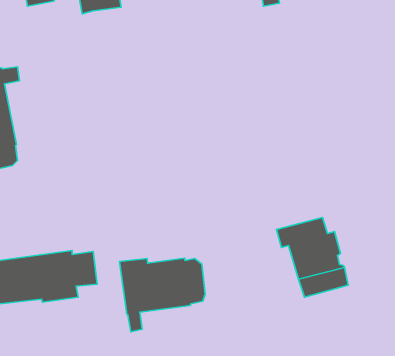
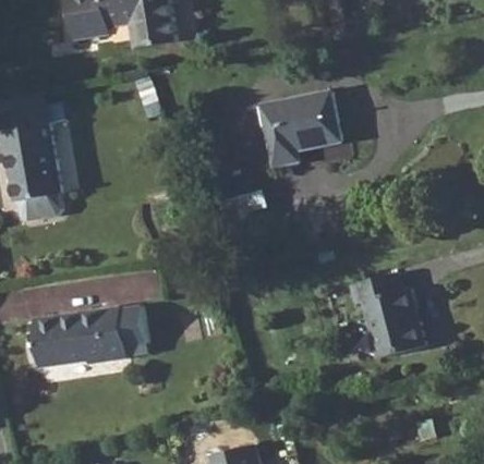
building: none -> [263,91,341,166]
building: [120,258,205,332] -> none

